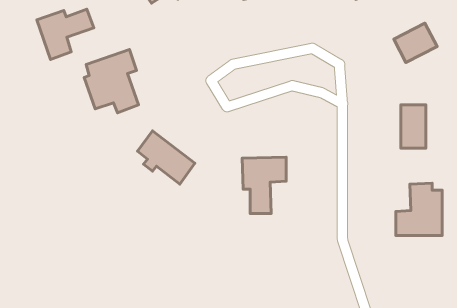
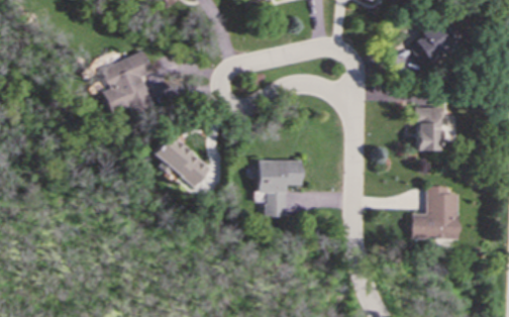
building: [37,9,94,60] -> none

